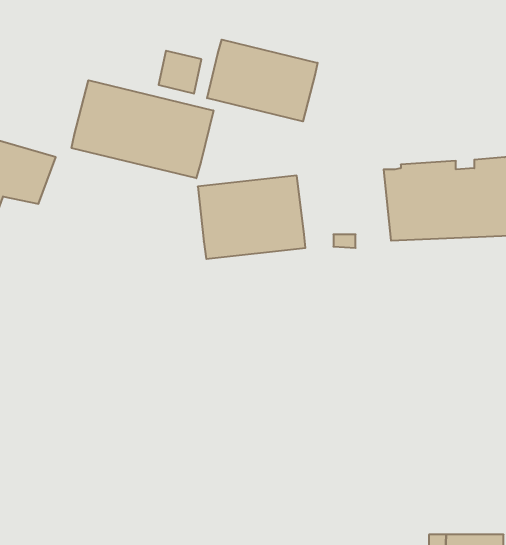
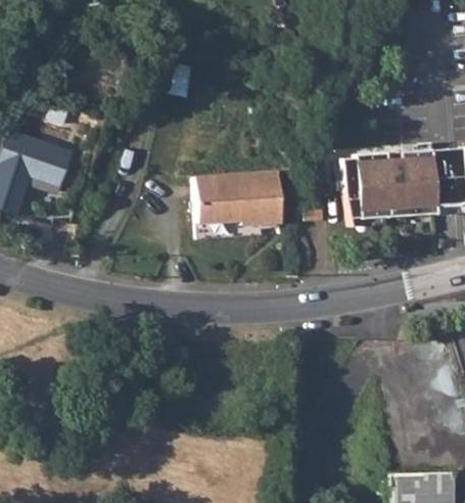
building: [207,40,318,121] -> none
building: [72,80,213,178] -> none

